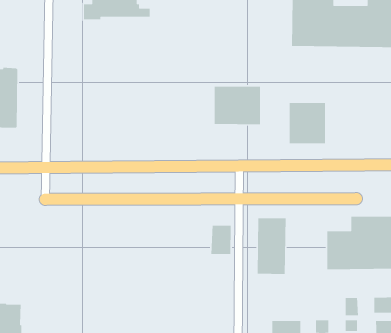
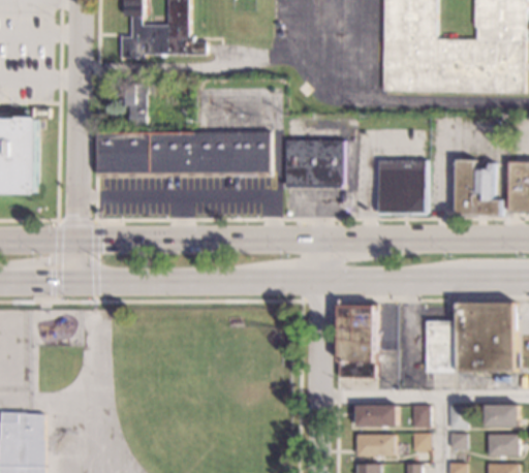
building: none -> [119,83,148,125]
building: none -> [98,132,271,174]
building: none -> [457,159,502,215]
building: [210,225,231,255] -> none
building: none -> [352,405,398,424]
building: none -> [412,405,430,427]

